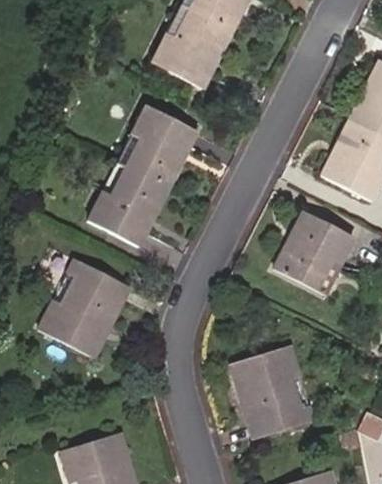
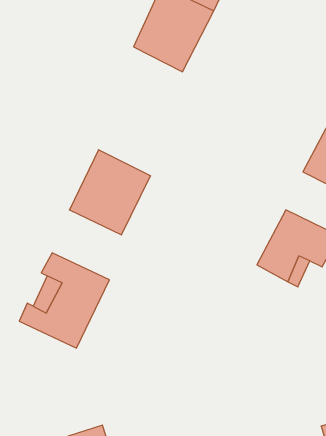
building: [117,102,198,185] -> none
building: [231,347,311,437] -> none

